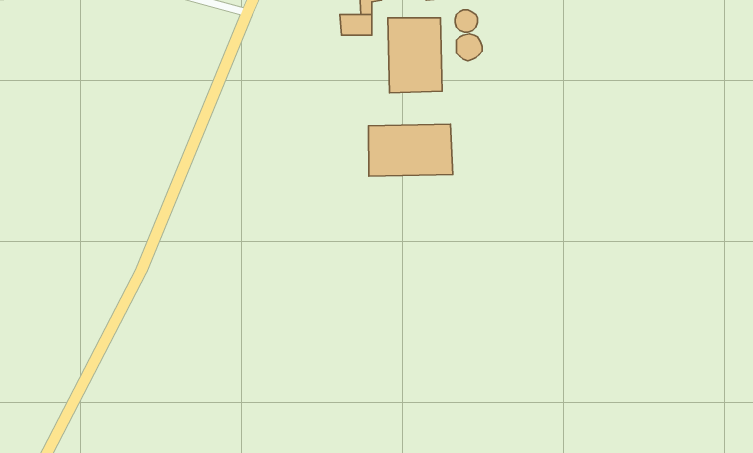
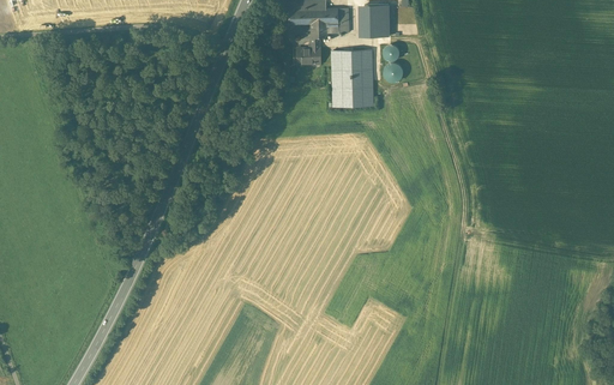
building: [368,124,453,176] -> none

